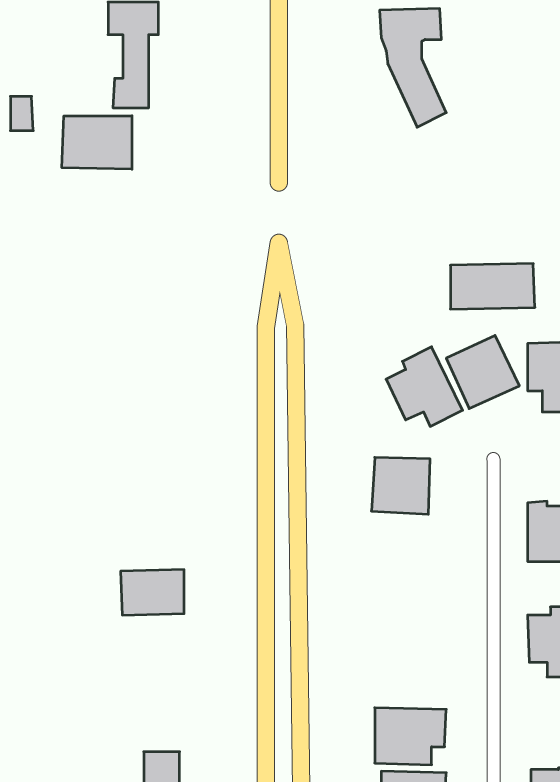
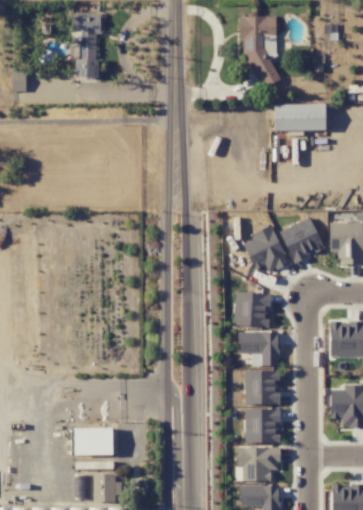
building: [62,116,132,169] -> none
building: [450,264,535,309] -> [274,103,326,131]
building: none -> [239,332,280,366]
building: [121,570,184,615] -> [74,427,113,455]
building: none -> [245,370,280,404]
building: none -> [245,409,280,443]

